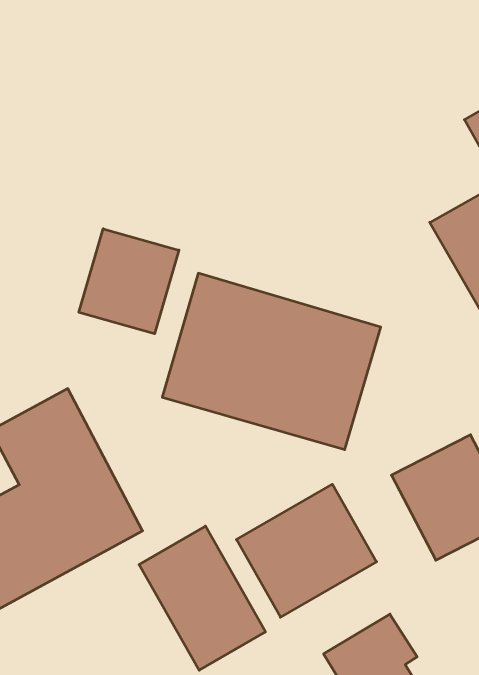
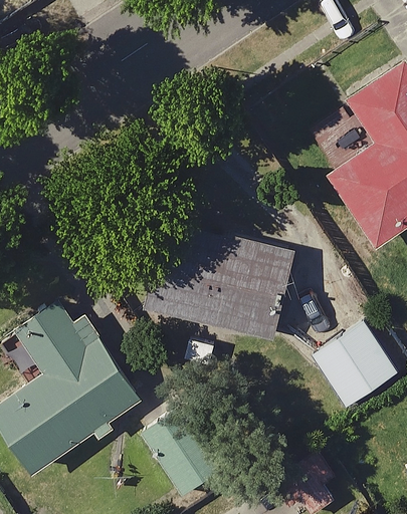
building: [79,229,179,334] -> none
building: [236,484,377,617] -> none

